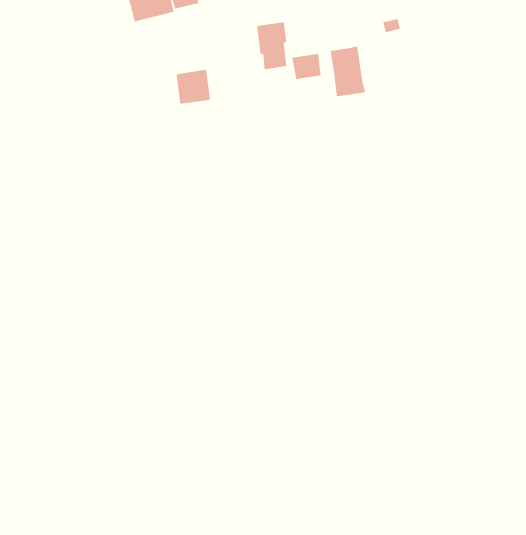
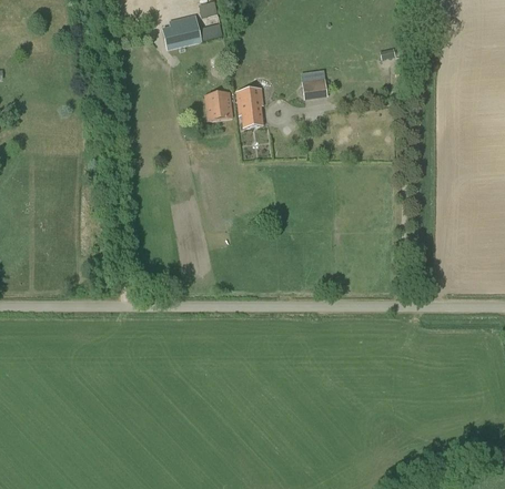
building: [256,22,287,70] -> [236,86,263,128]
building: [330,45,366,97] -> none

